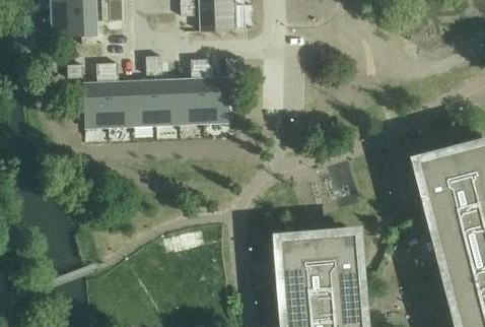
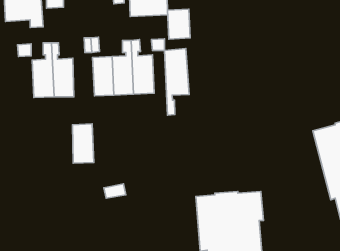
building: none -> [168,9,190,39]
building: none -> [164,49,189,115]
building: [132,79,157,126] -> [72,124,94,163]

